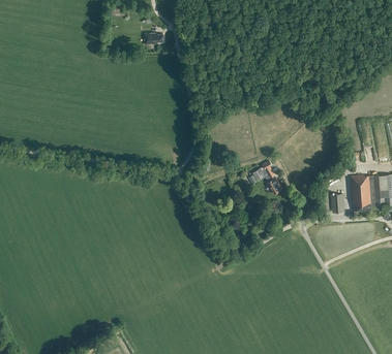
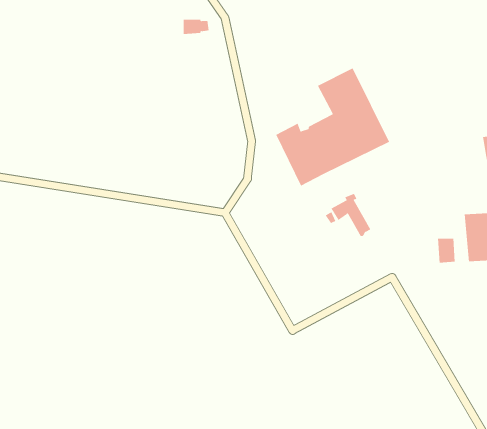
building: none -> [276,67,390,186]

